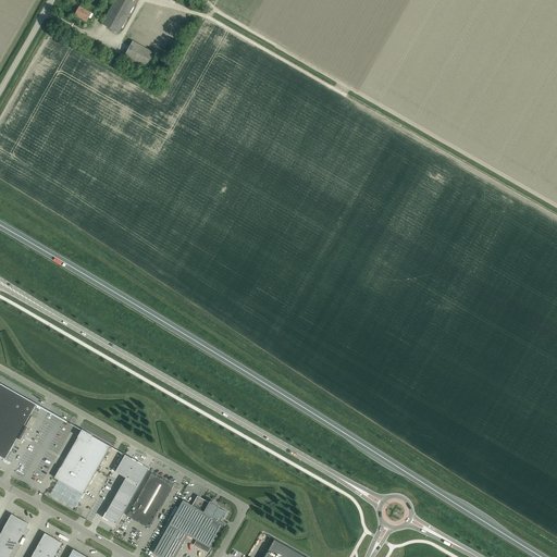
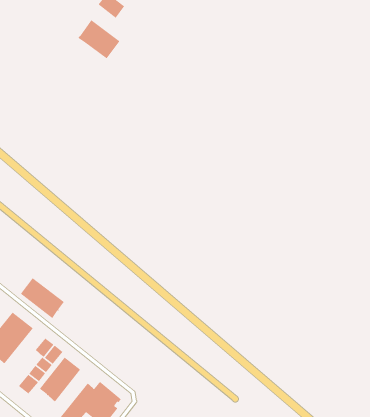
building: none -> [78,19,122,61]
building: none -> [20,277,65,319]

